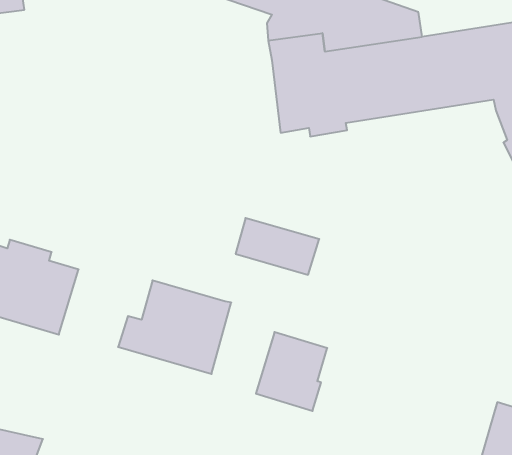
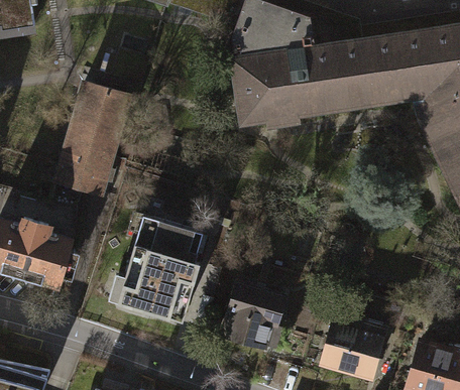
building: none -> [62,83,135,196]
building: [236,218,319,275] -> [135,214,204,260]
building: none -> [320,316,380,378]

